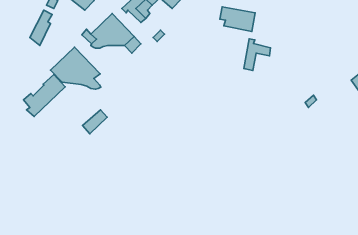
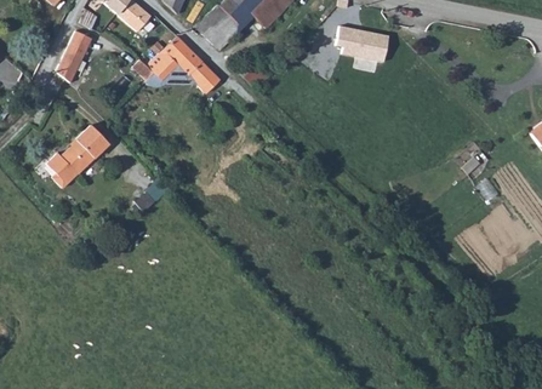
building: [244,39,270,70] -> none
building: [50,47,101,89] -> none

